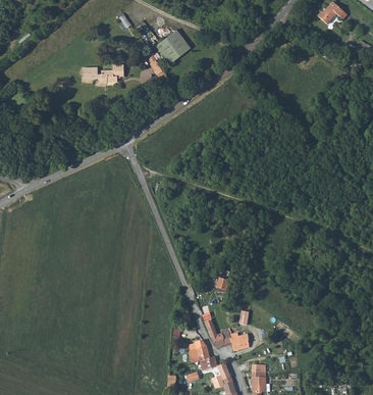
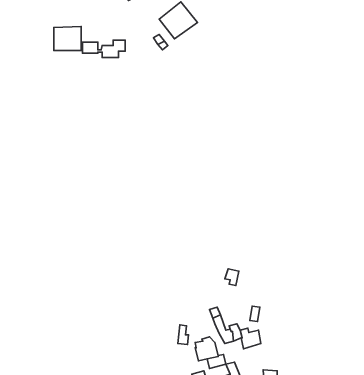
building: none -> [54,26,81,51]

